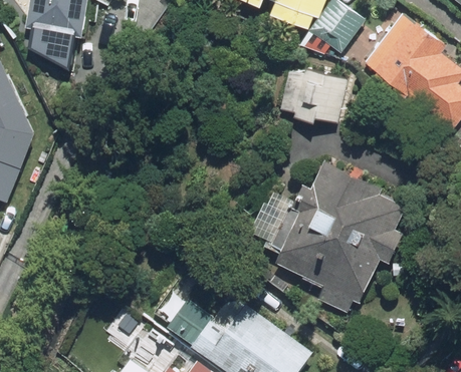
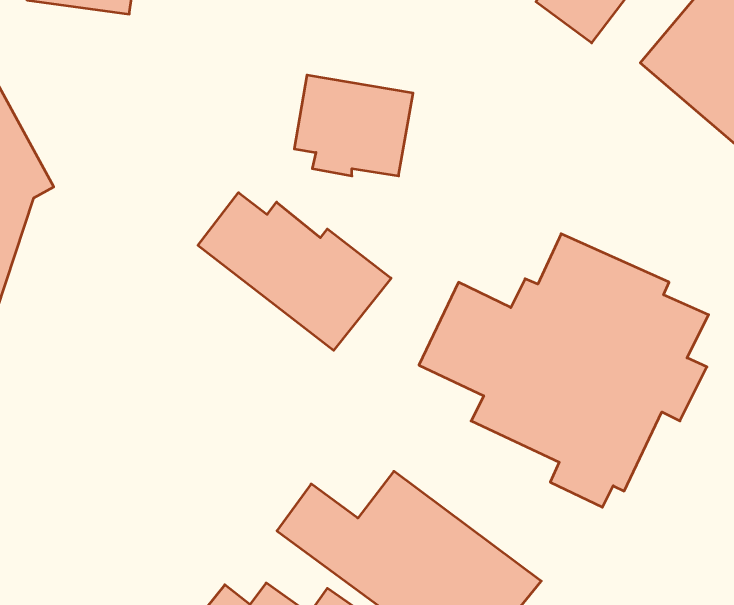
building: [281,68,348,124] -> [294,75,413,176]
building: none -> [198,193,391,350]

